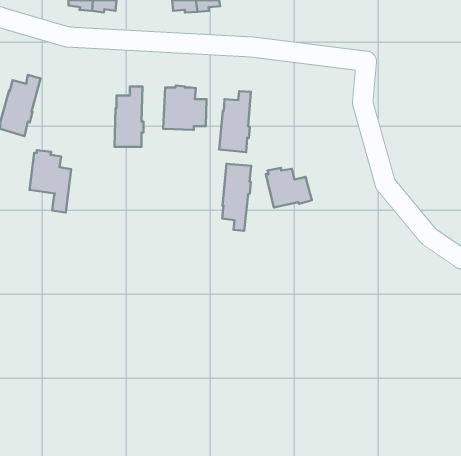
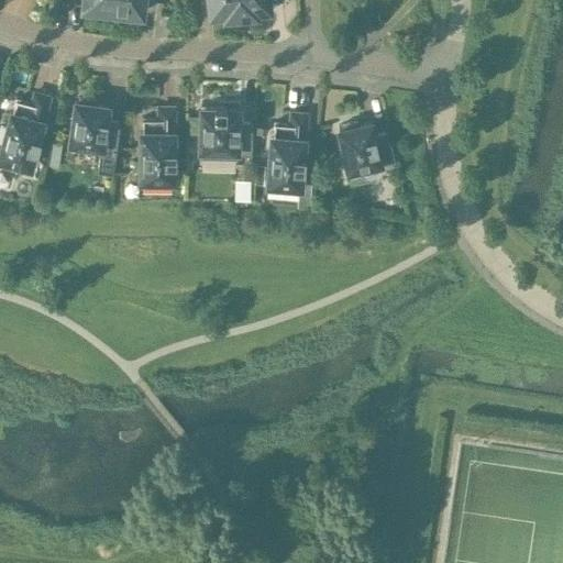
building: [30,150,71,212] -> [69,102,120,178]
building: [222,164,251,231] -> none
building: [266,168,312,208] -> [339,125,395,174]

